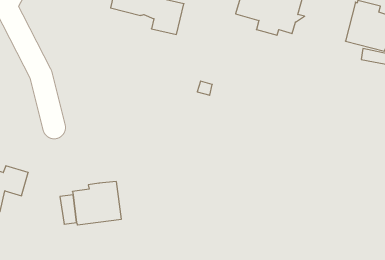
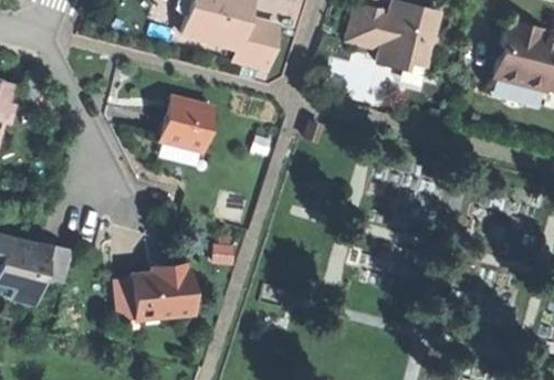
building: none -> [160,98,213,149]

